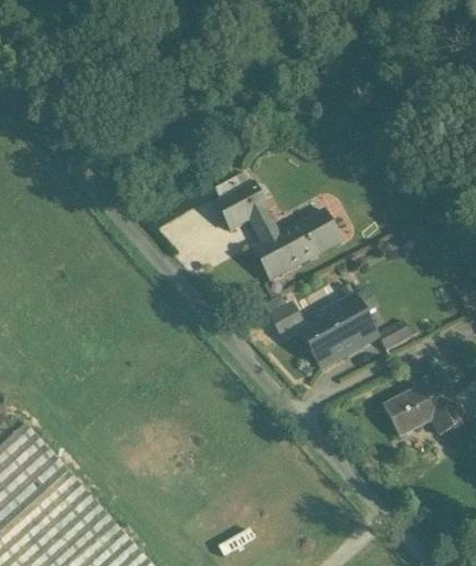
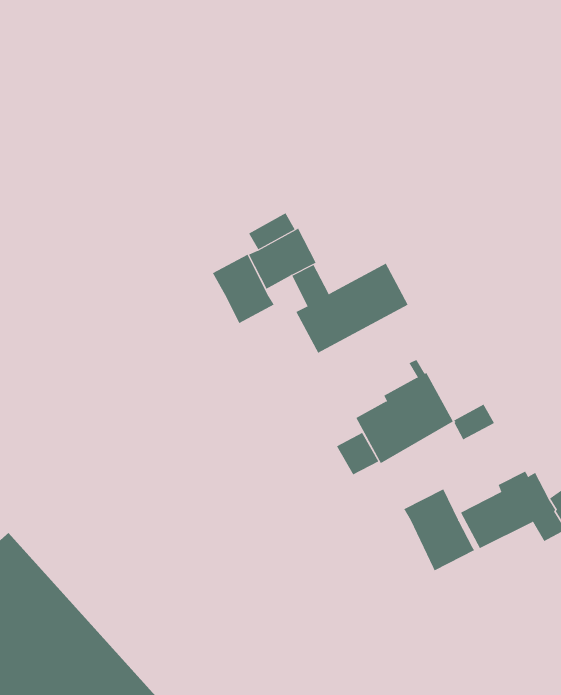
building: none -> [212,254,275,324]
building: [271,304,305,338] -> [336,432,379,475]
building: none -> [403,488,475,571]

